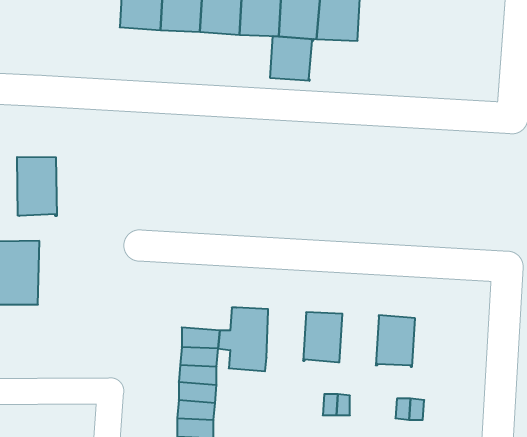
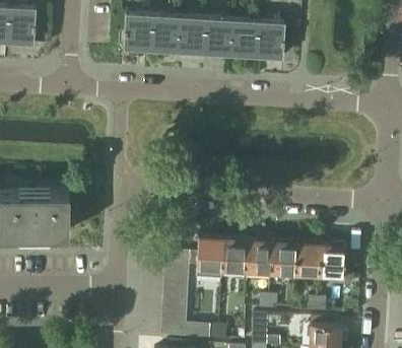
building: [270,36,313,81] -> none
building: [17,157,57,216] -> none
building: none -> [221,238,248,273]
building: none -> [270,241,296,276]
building: none -> [319,245,345,278]

